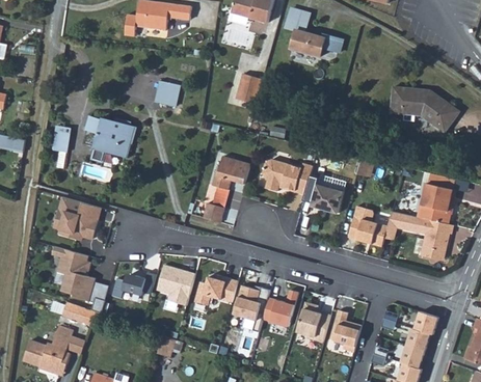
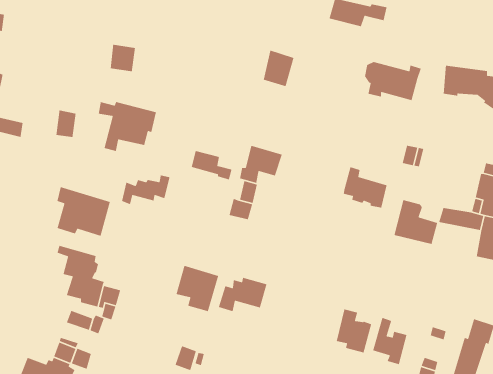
building: [160,79,183,104] -> [110,44,136,72]
building: [263,161,314,196] -> [364,61,422,101]
building: none -> [191,150,232,181]
building: [112,271,156,298] -> [121,175,171,205]
building: [234,284,298,326] -> none

